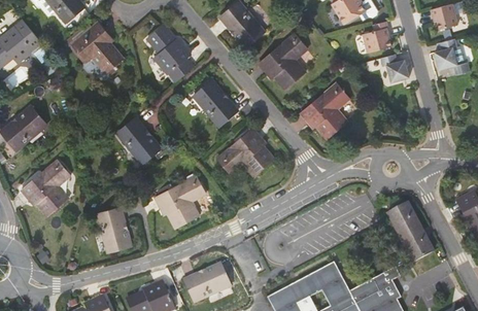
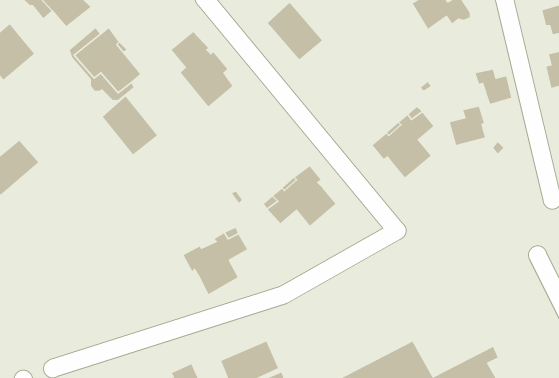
building: [363,21,391,51] -> [449,106,486,146]
building: [260,33,308,89] -> none
building: [194,79,238,126] -> none
building: [116,117,160,164] -> [102,95,158,156]
building: [22,162,69,216] -> none
building: [386,201,433,261] -> none
building: [96,208,130,252] -> none

